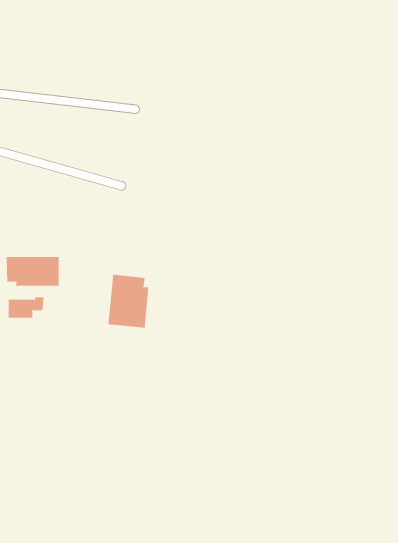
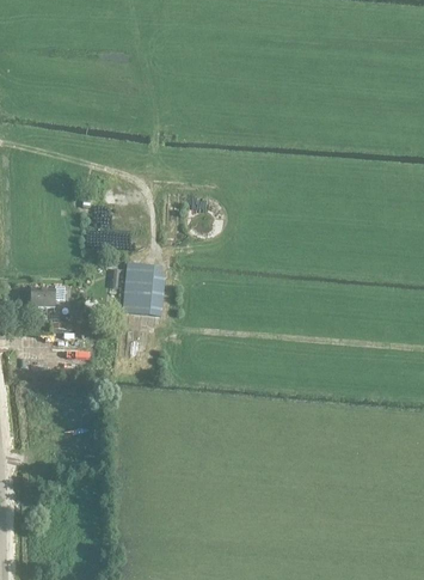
building: [6,256,59,287] -> none

